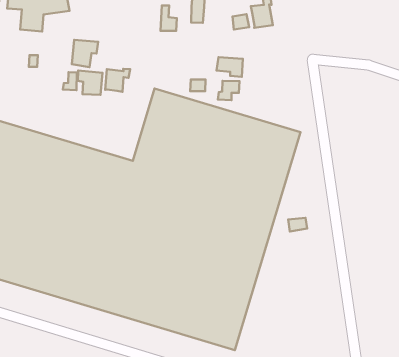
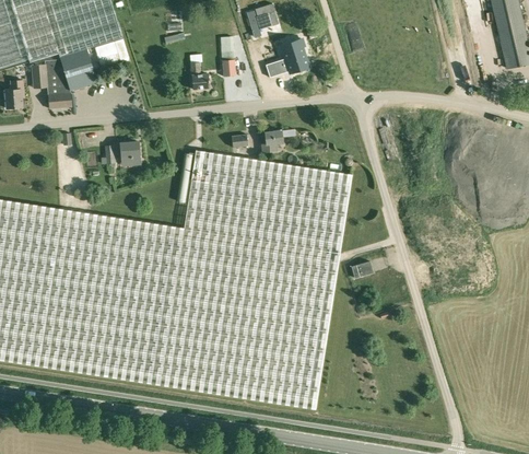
building: [72,40,98,67] -> none
building: [216,57,243,77] -> none
building: [105,69,130,92] -> none

